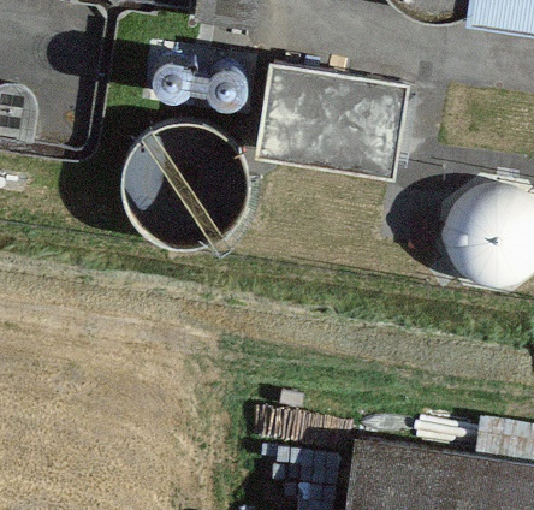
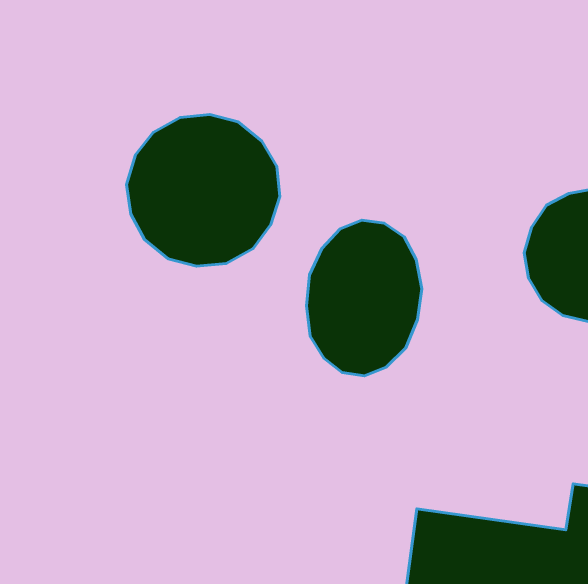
building: [260,64,403,168] -> none
building: none -> [306,220,422,376]

